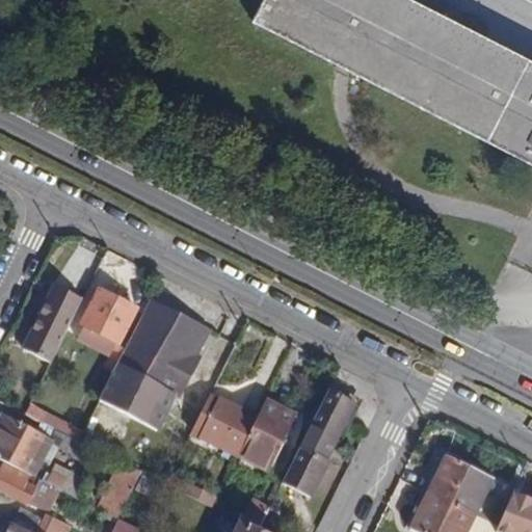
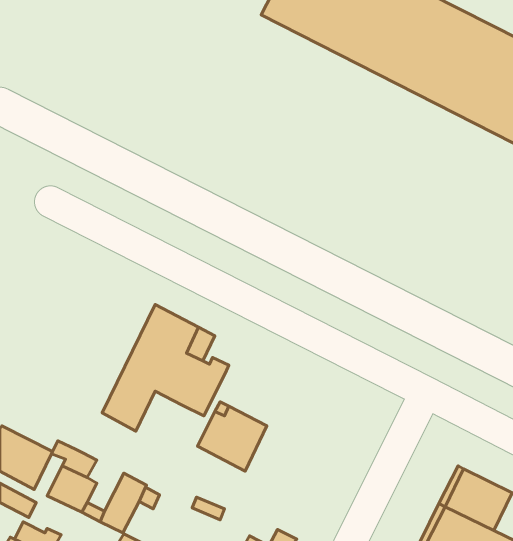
building: [24,285,83,362] -> none
building: [81,289,137,344] -> none
building: [131,381,176,432] -> none
building: [283,390,356,498] -> none
building: [236,397,297,474] -> none

